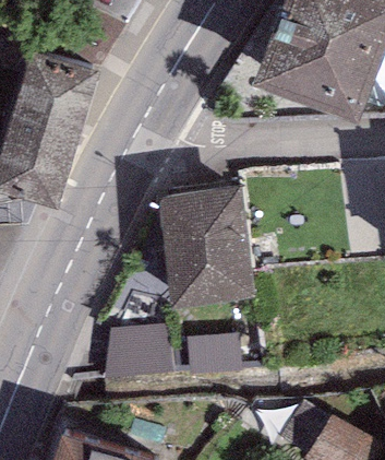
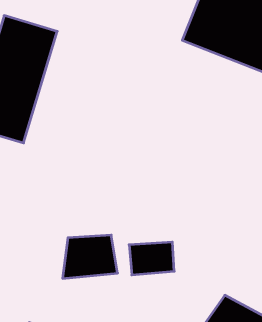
building: [159,186,254,307] -> none

